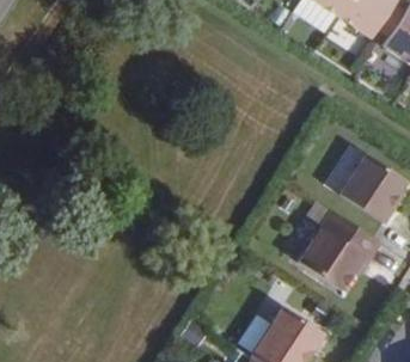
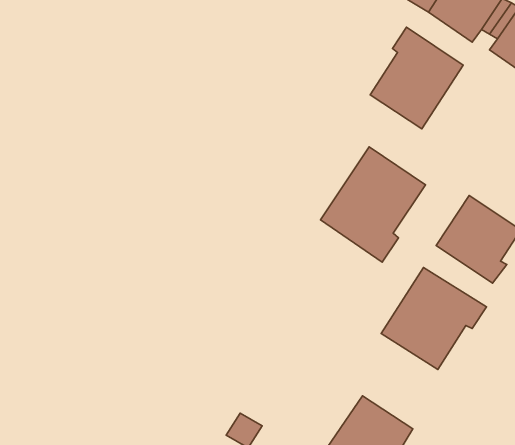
building: none -> [370,27,463,129]
building: none -> [321,147,426,262]

